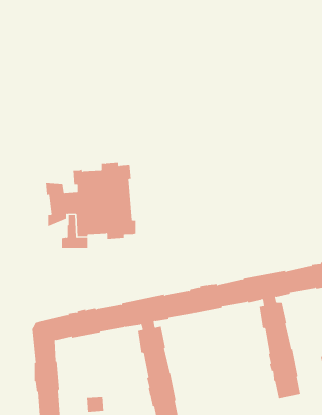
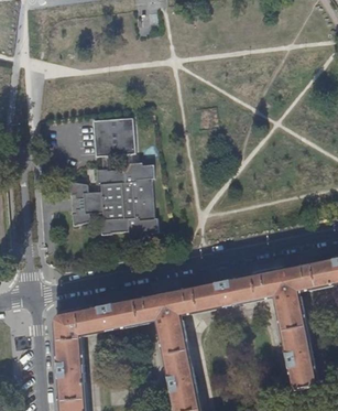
building: none -> [91,117,132,169]

